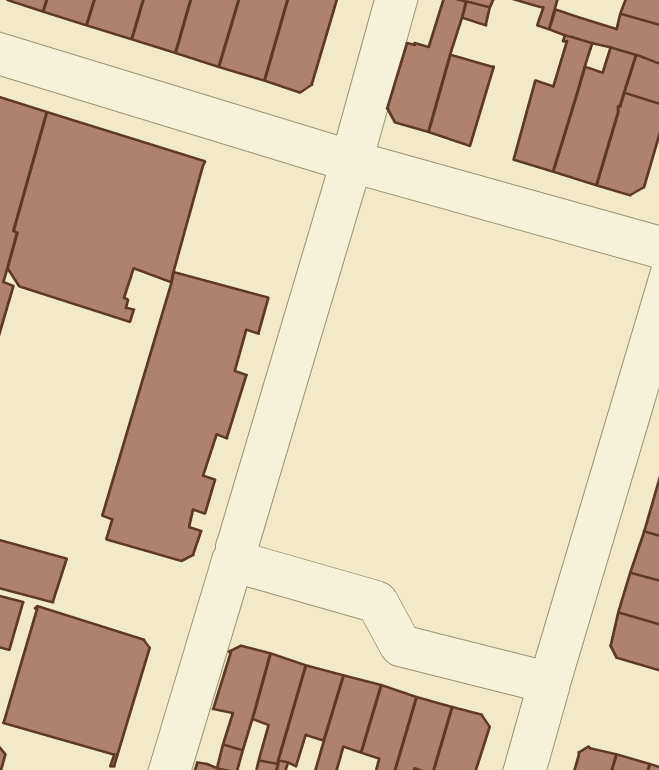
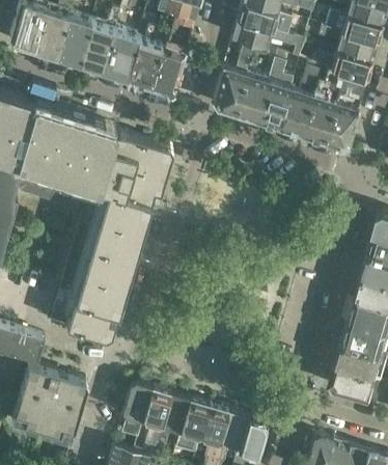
building: none -> [257,56,294,131]
building: none -> [102,134,172,203]

